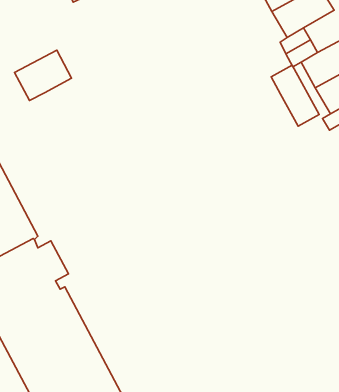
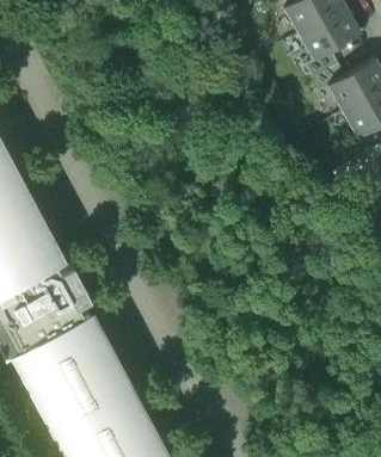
building: [15,50,72,101] -> none
building: [271,65,319,126] -> none

